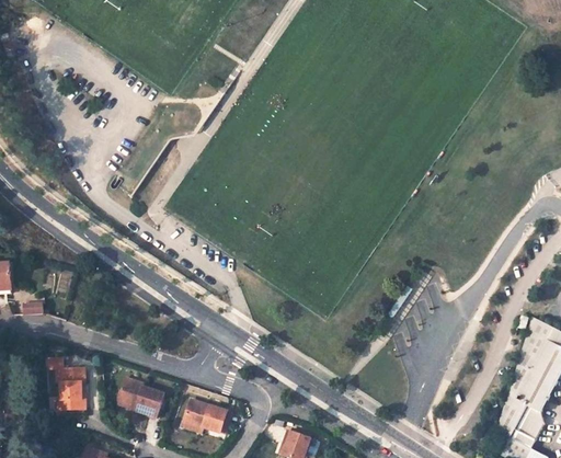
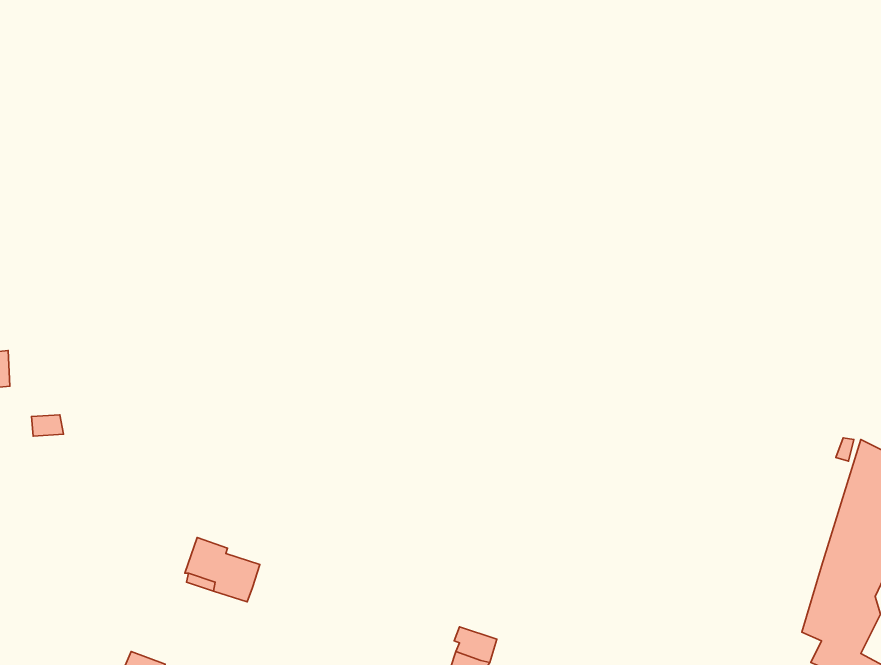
building: [56,367,85,409] -> none
building: [183,399,228,434] -> none

